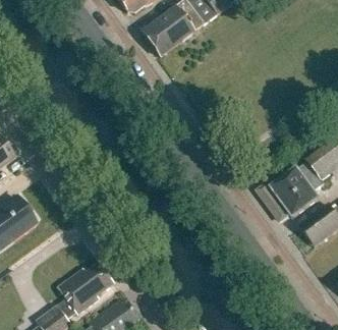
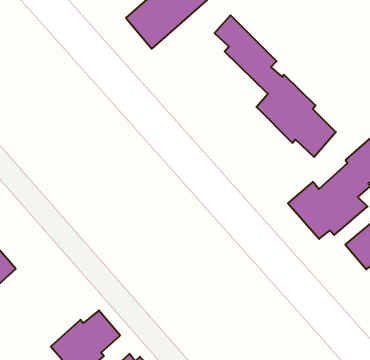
building: none -> [215,15,336,157]

